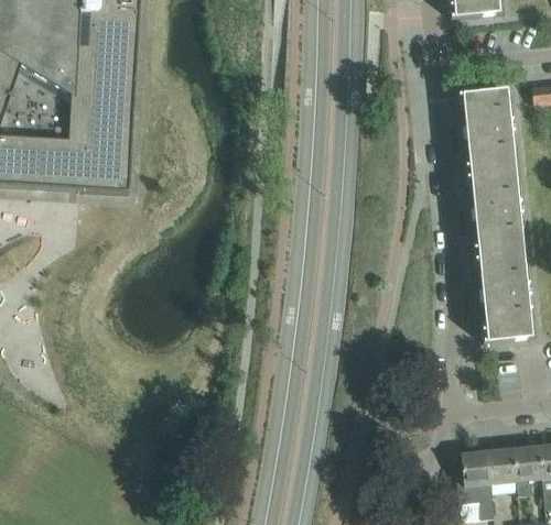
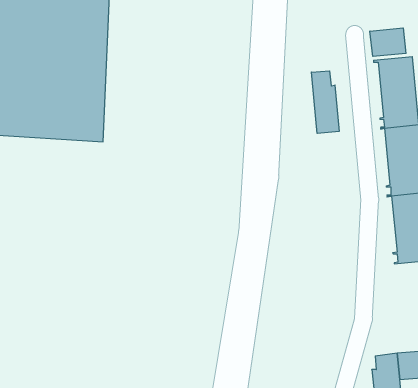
building: none -> [370,28,406,56]
building: none -> [311,71,339,133]

